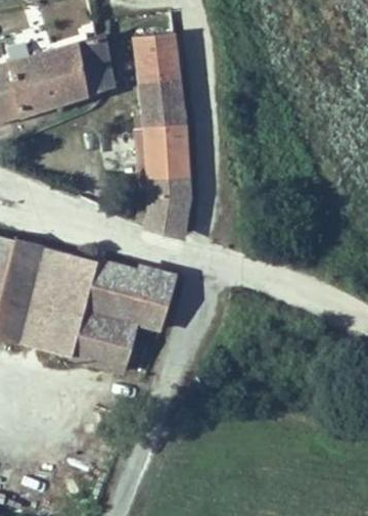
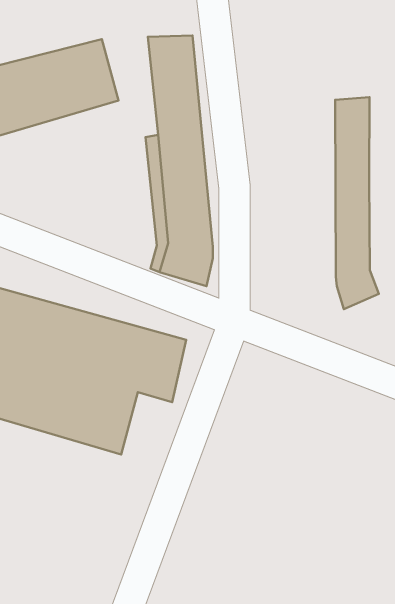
building: none -> [335,97,379,309]

